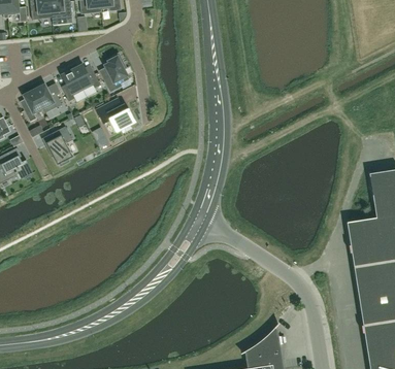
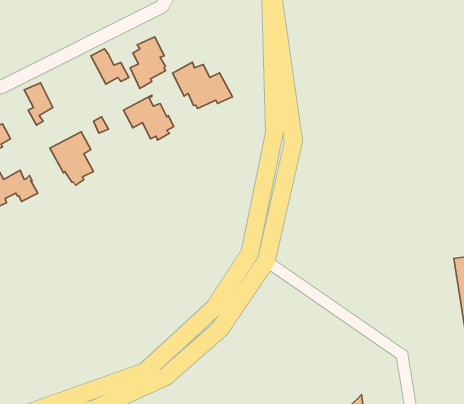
building: [61,69,87,103] -> none
building: none -> [172,62,232,109]
building: [34,83,62,113] -> none

